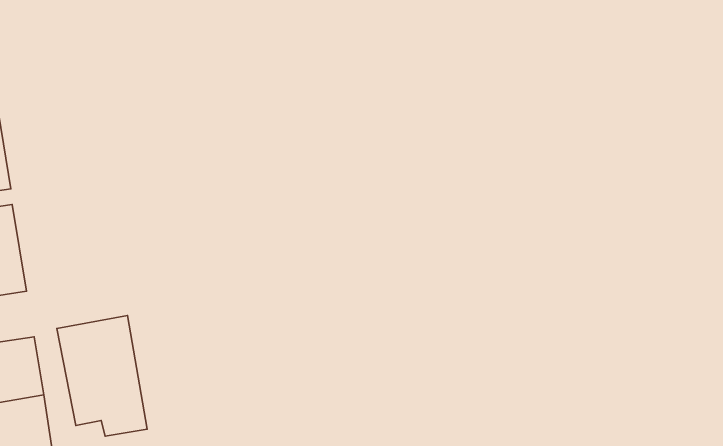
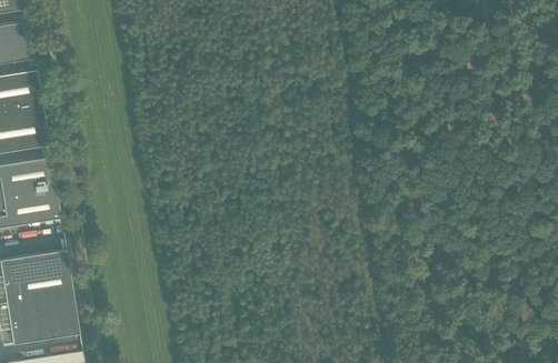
building: [57,315,147,436] -> none

